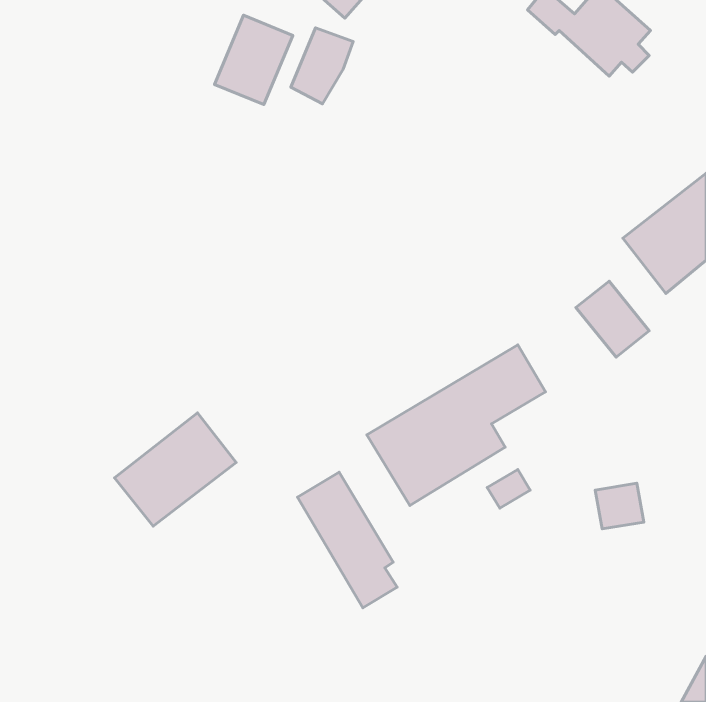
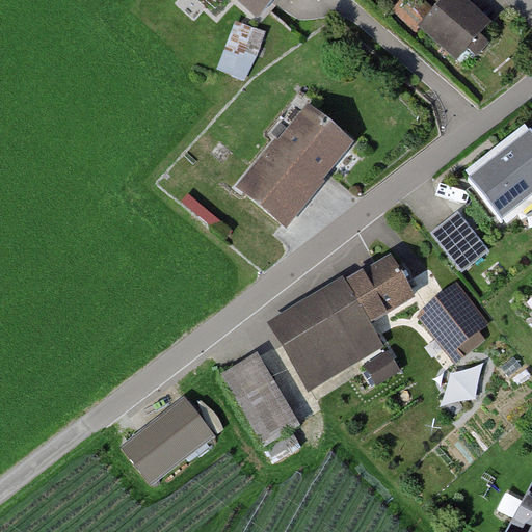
building: [215,15,293,105] -> none
building: none -> [244,111,347,219]
building: none -> [417,284,489,357]
building: [114,413,236,526] -> [122,397,213,482]

